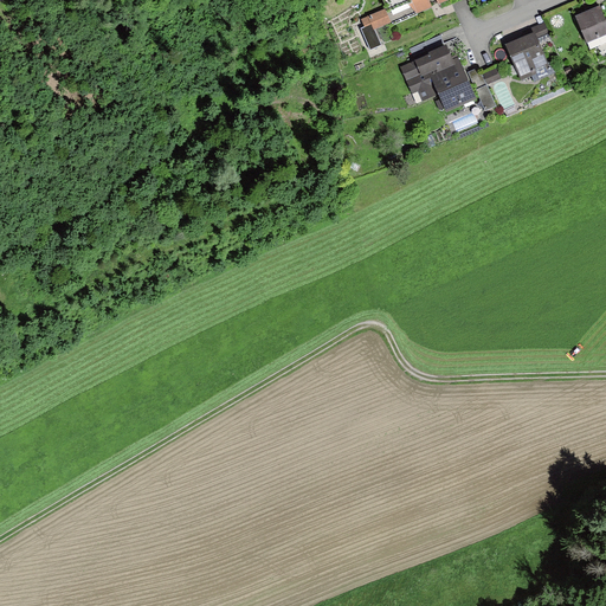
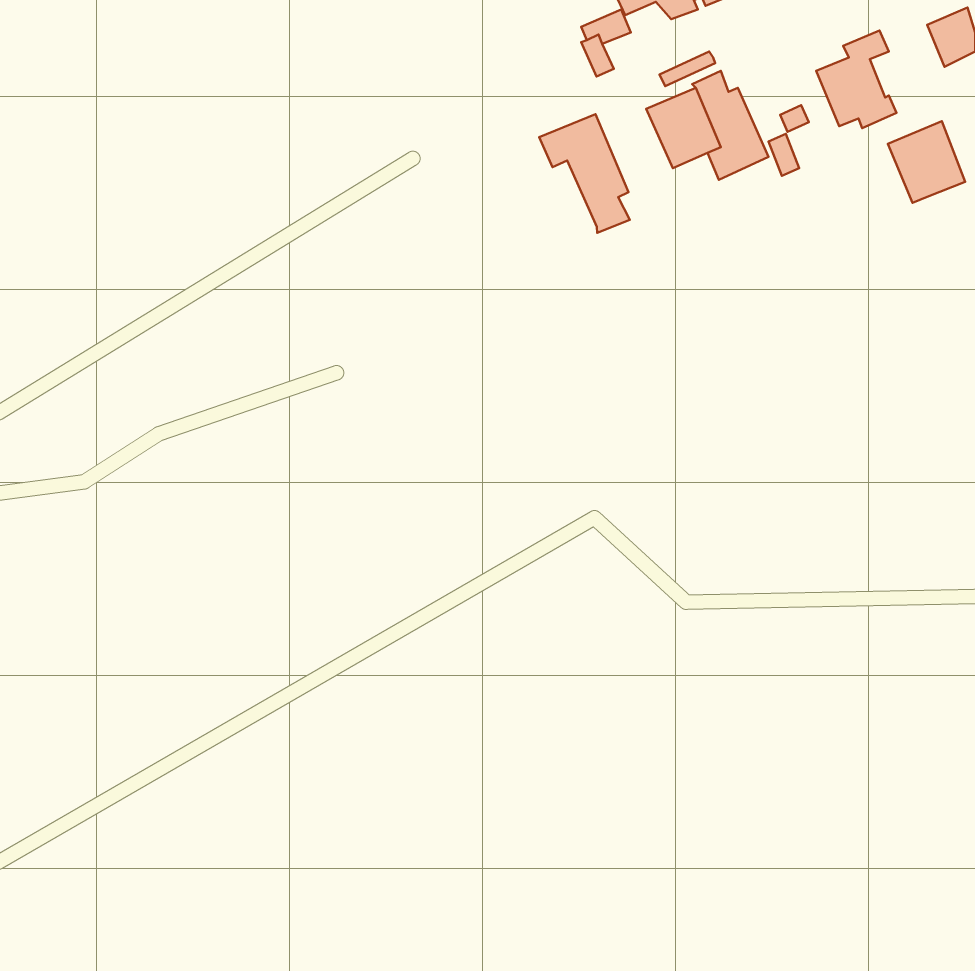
building: none -> [539,114,630,233]
building: none -> [888,121,965,203]

